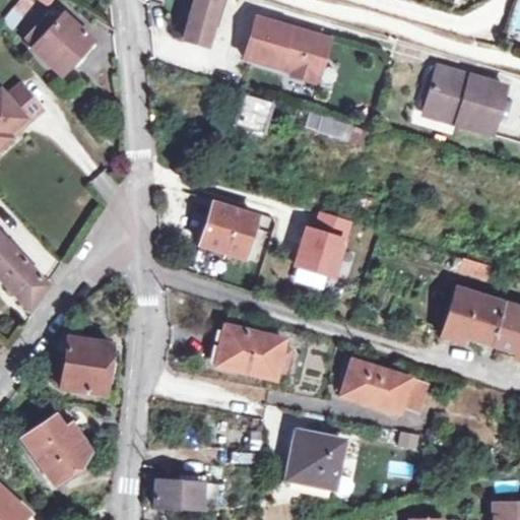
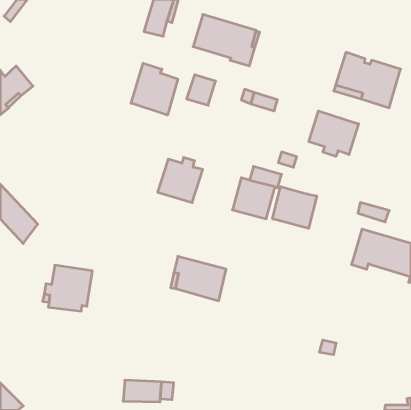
building: [28,12,92,73] -> none
building: none -> [131,63,178,115]
building: none -> [309,111,359,156]
building: none -> [273,187,317,228]
building: [341,360,428,411] -> none
building: [24,411,83,483] -> none
building: [287,431,344,485] -> none

